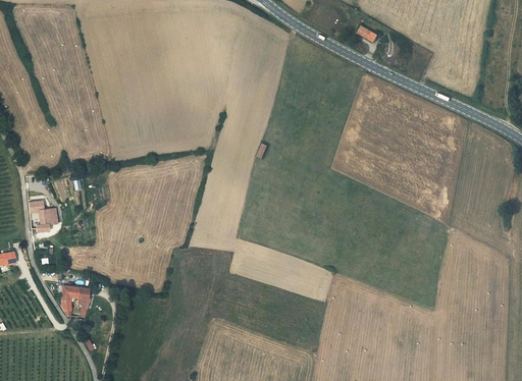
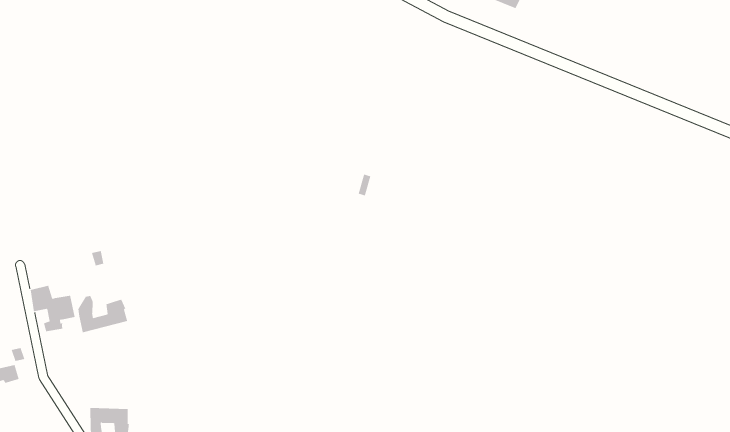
building: none -> [78,295,128,333]

